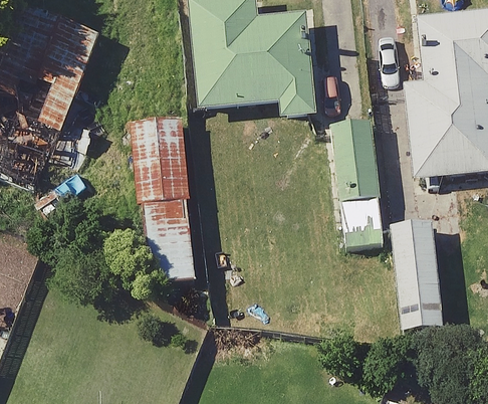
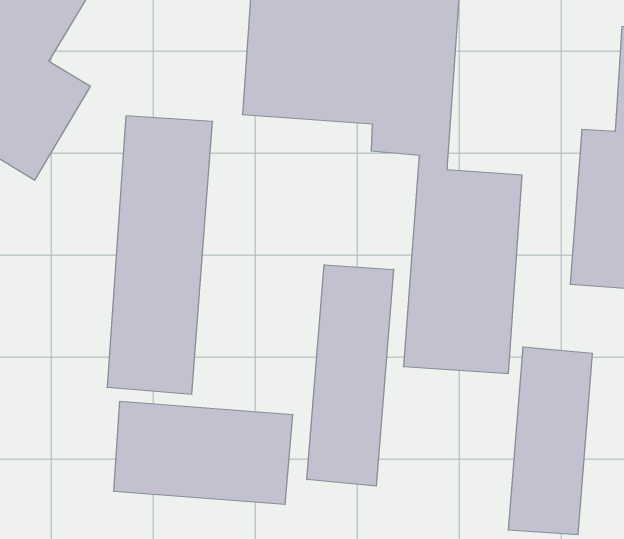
building: none -> [307,265,394,486]
building: none -> [114,401,293,505]

